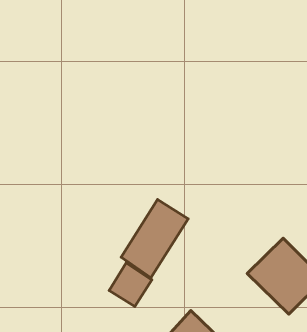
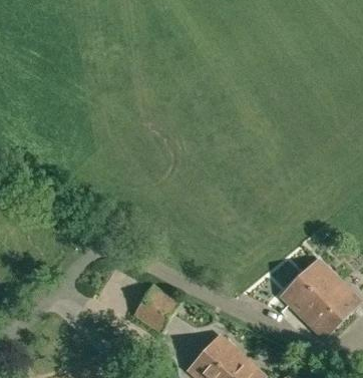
building: [121,199,188,278] -> none

